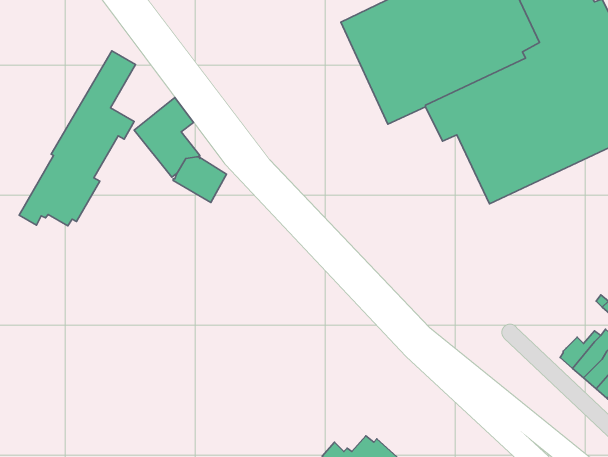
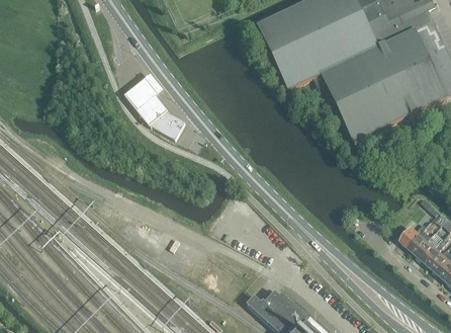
building: [19,51,136,226] -> none

